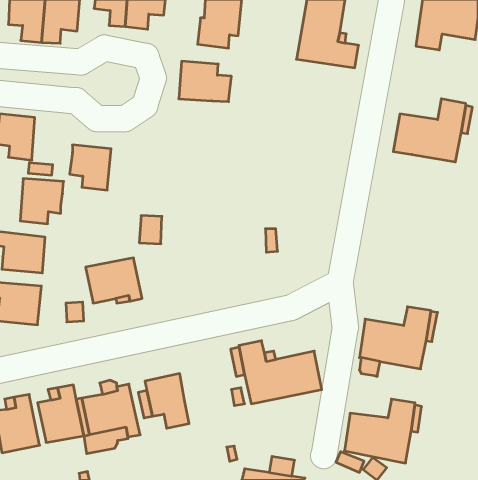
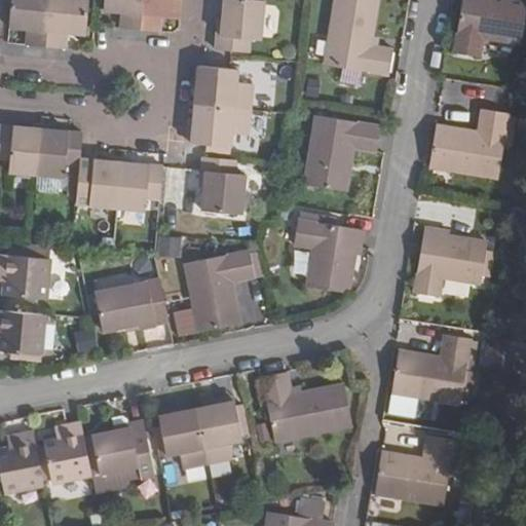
building: none -> [191,108,250,147]
building: none -> [305,116,380,191]
building: none -> [199,156,246,213]
building: none -> [117,162,162,211]
building: [20,179,64,224] -> [35,128,82,178]
building: none -> [294,219,363,291]
building: none -> [414,225,487,295]
building: none -> [184,250,254,331]
building: none -> [196,400,240,462]

